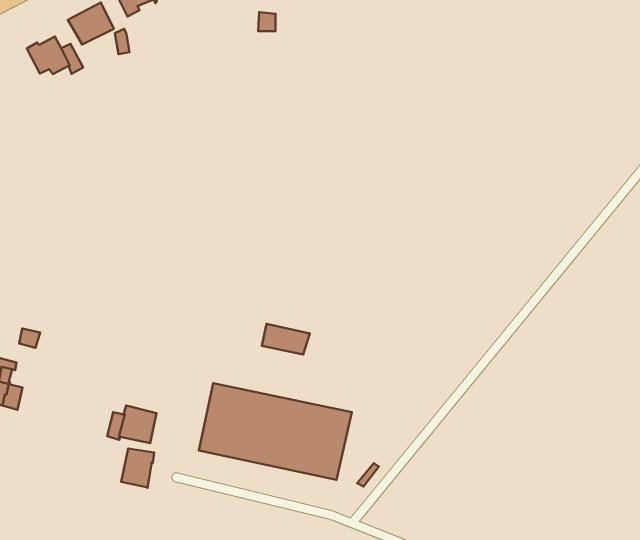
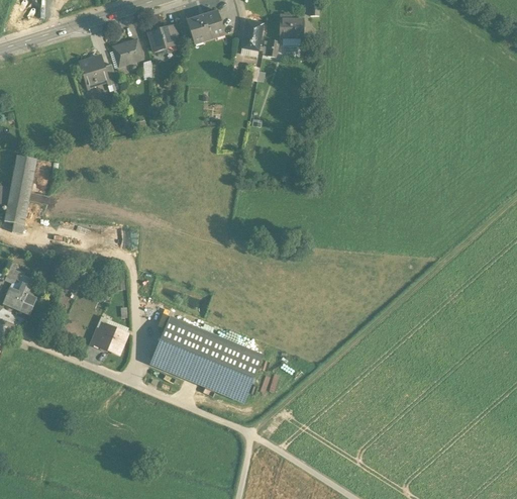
building: [262,324,310,355] -> none
building: [121,448,154,488] -> none

